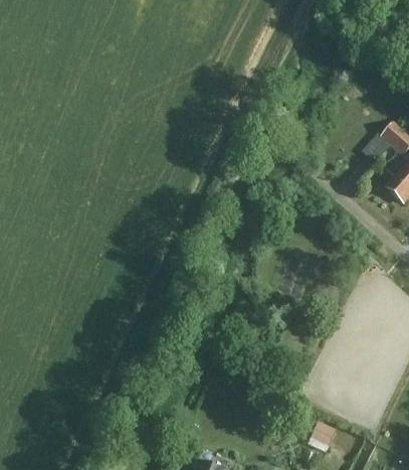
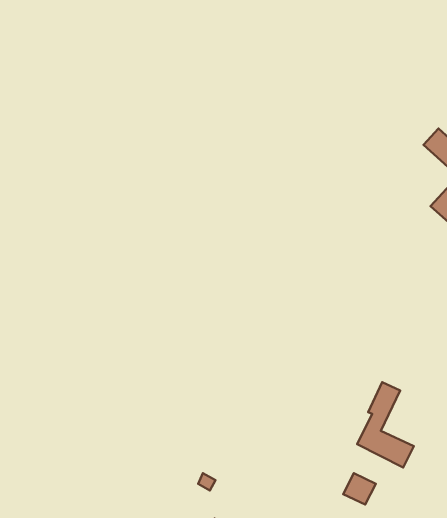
building: none -> [357,382,414,467]

